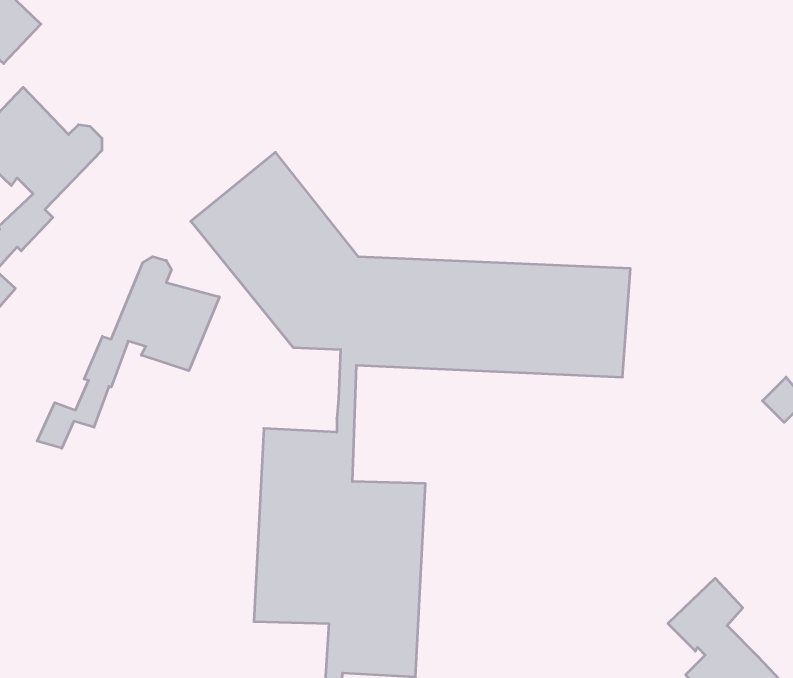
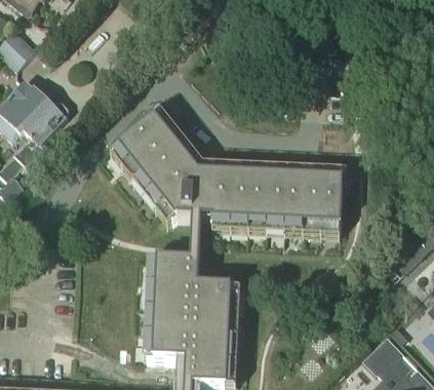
building: [37,257,219,448] -> none

